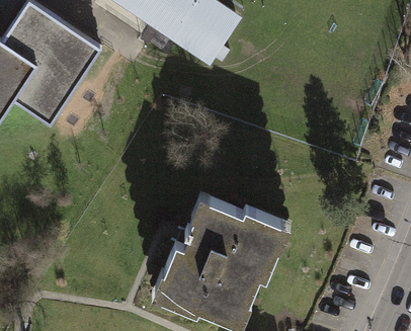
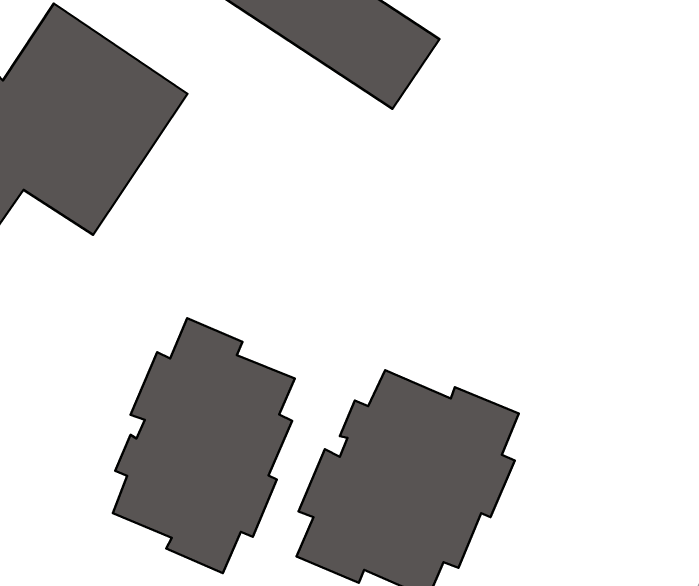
building: none -> [113,318,295,573]

